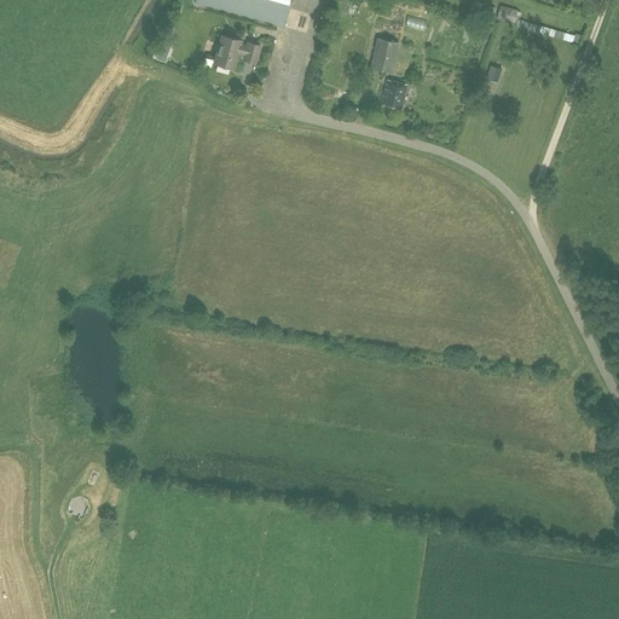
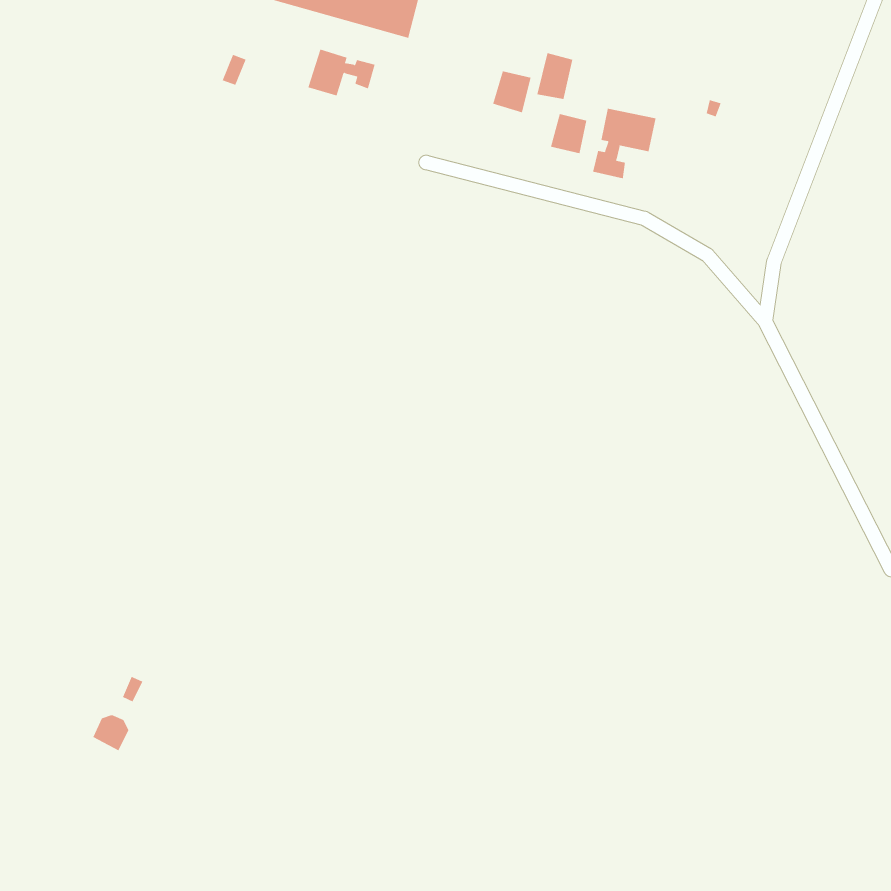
building: none -> [493,70,531,113]
building: none -> [592,108,656,179]

